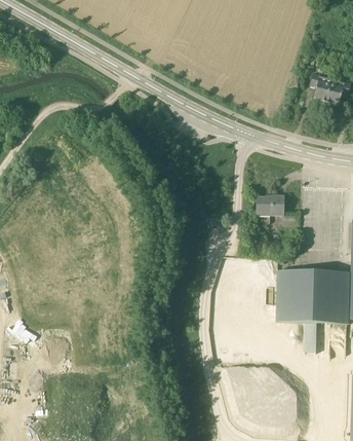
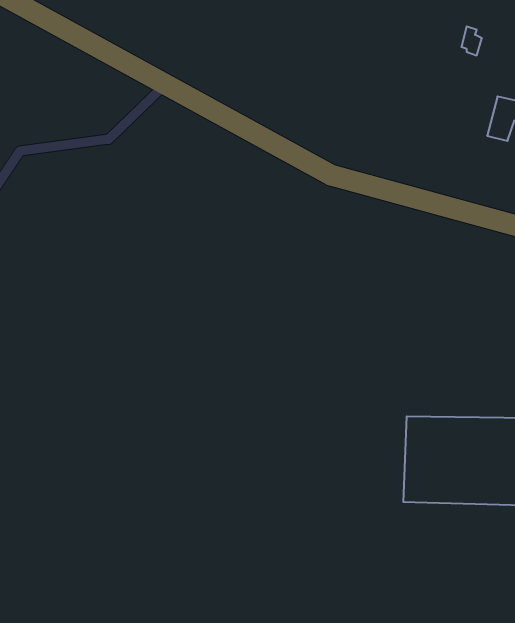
building: [312,72,334,103] -> none
building: [259,196,285,216] -> none

